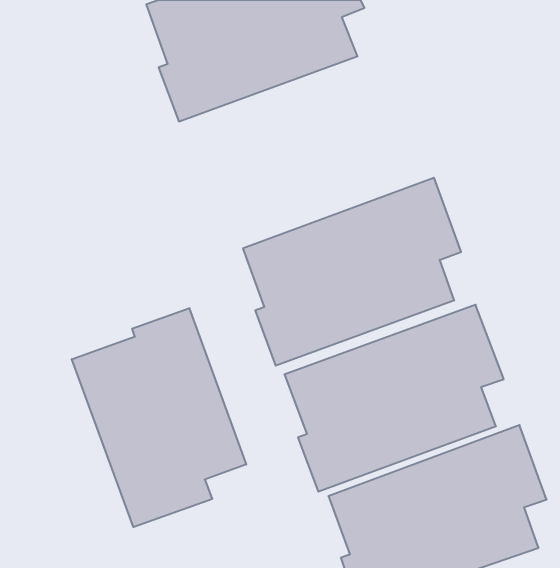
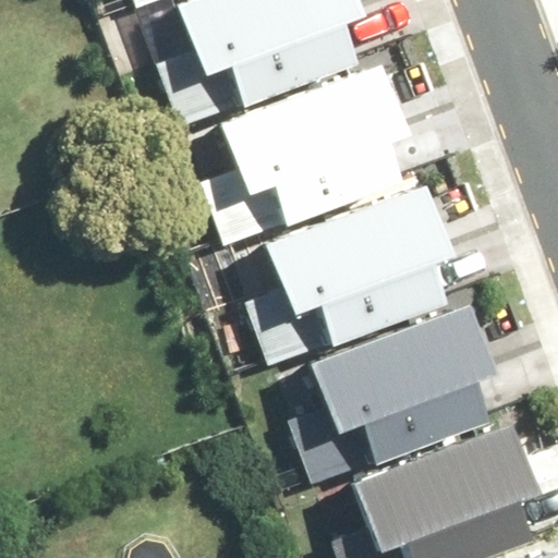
building: none -> [201,62,412,243]
building: [72,308,246,527] -> none

